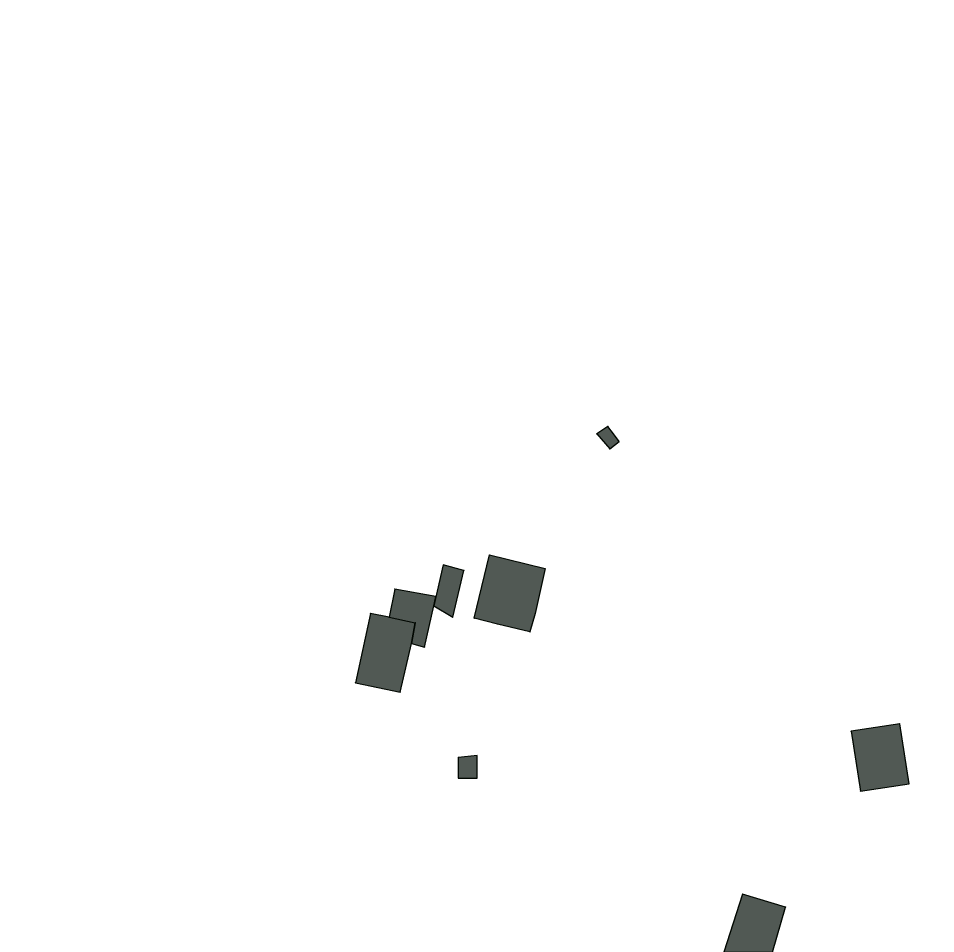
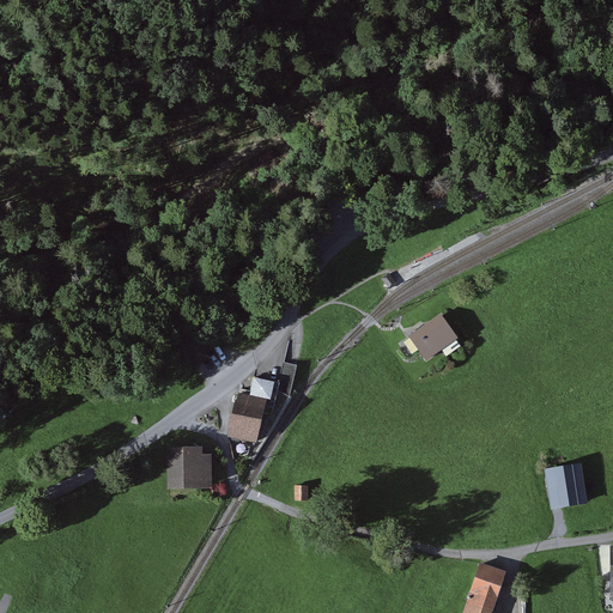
building: none -> [409,315,456,358]
building: [474,555,545,632] -> none
building: none -> [166,448,211,490]

